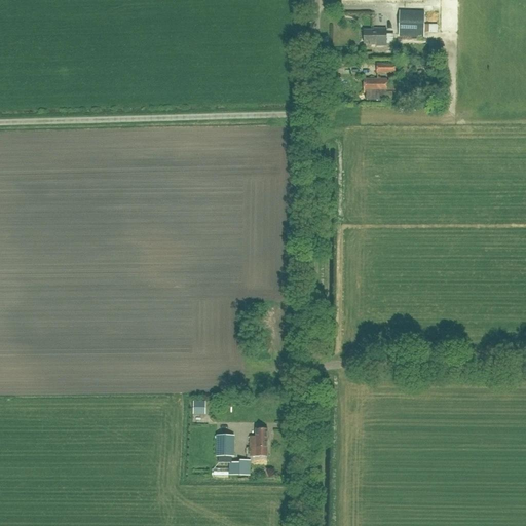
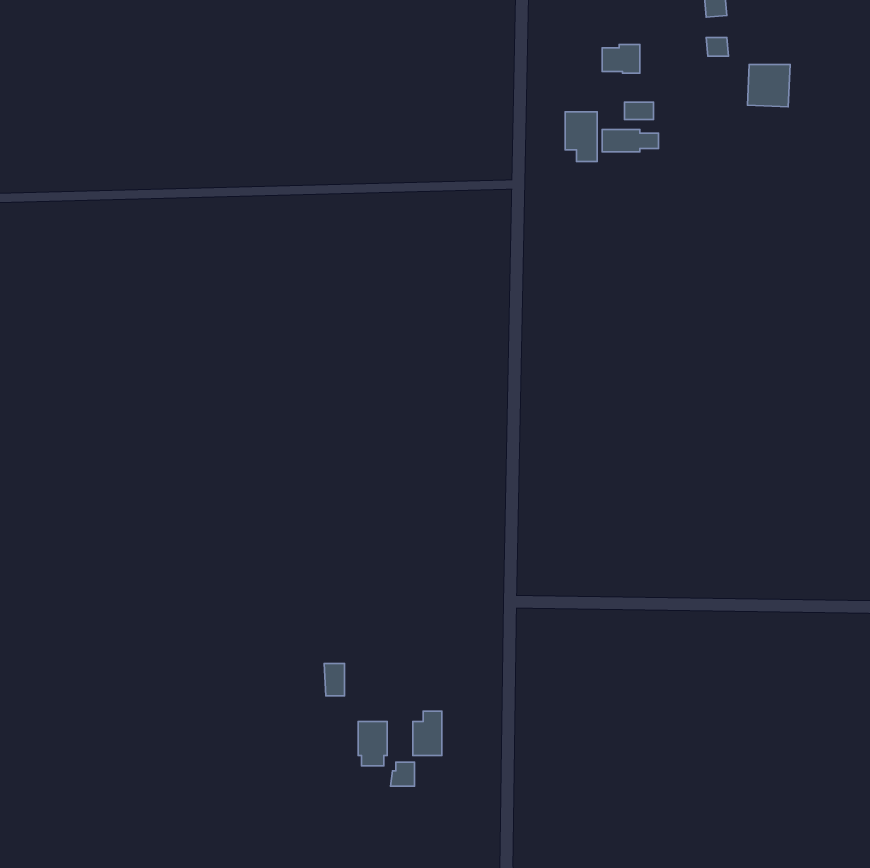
building: [398,10,423,36] -> [747,64,790,107]
building: none -> [565,112,597,161]

